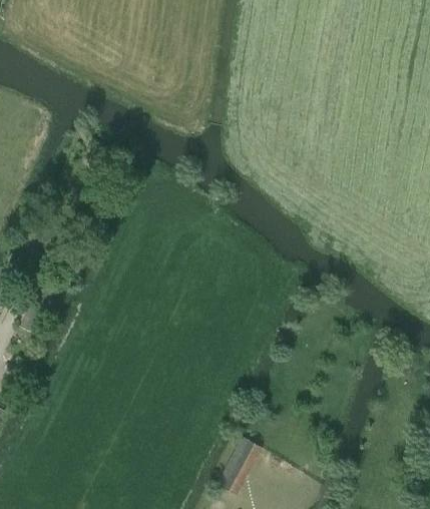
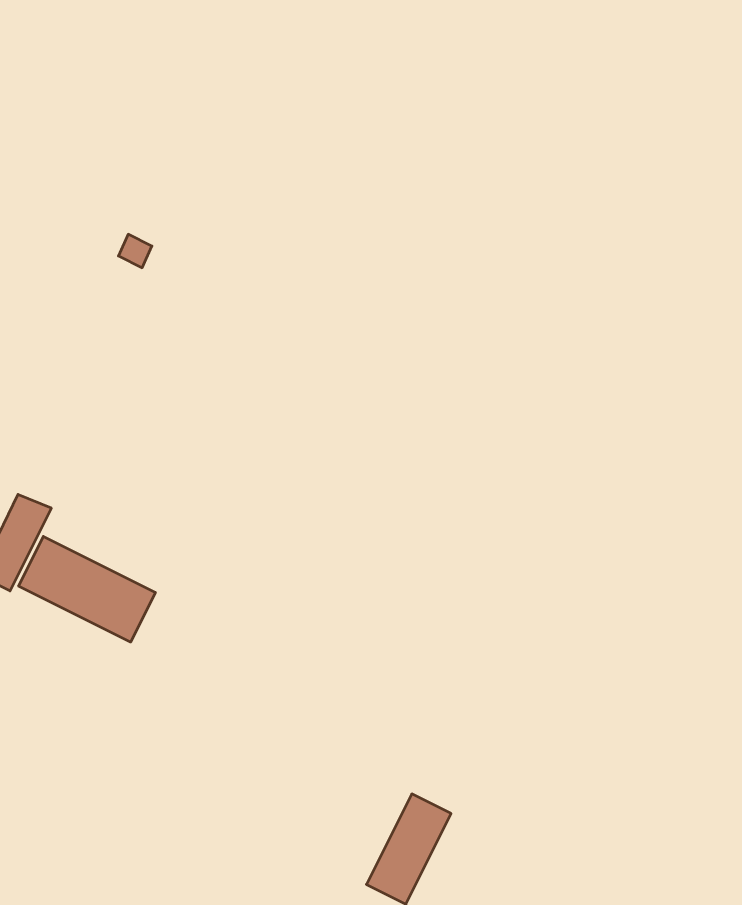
building: none -> [19,536,155,642]

